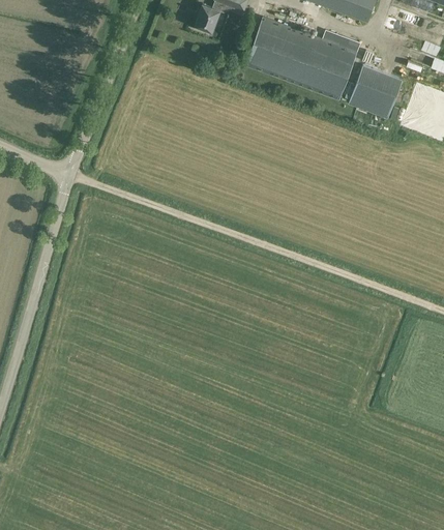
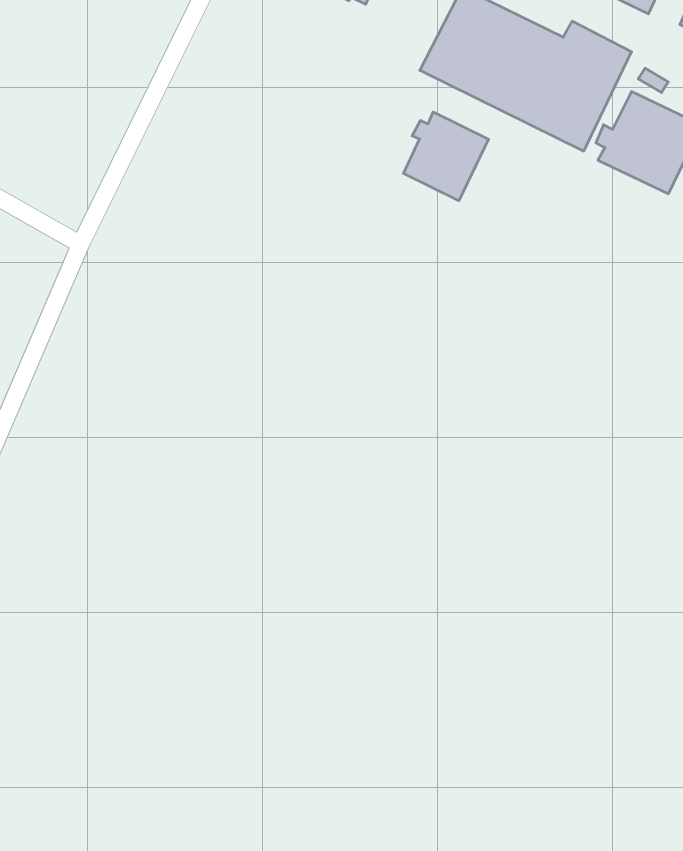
building: none -> [403,112,489,201]

